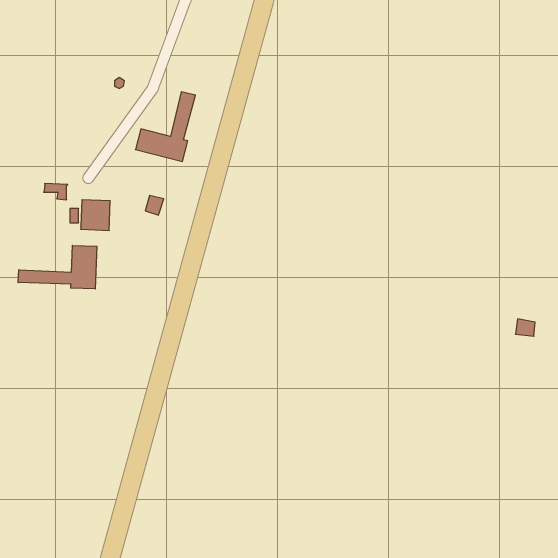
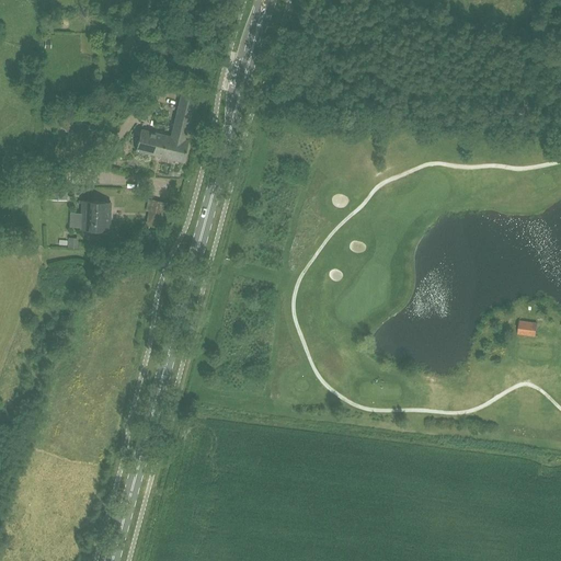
building: [18,245,97,289] -> none

